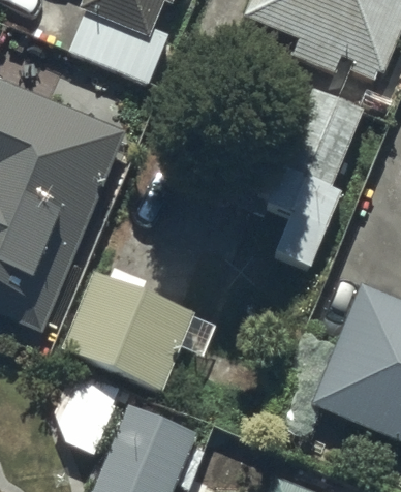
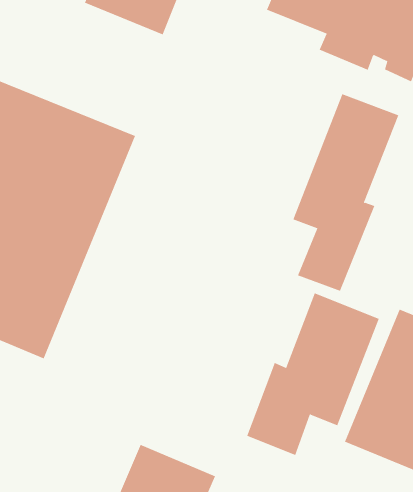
building: none -> [247,293,379,456]
building: [61,272,194,391] -> none

